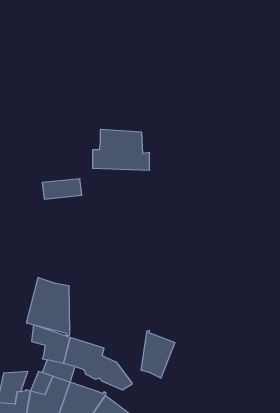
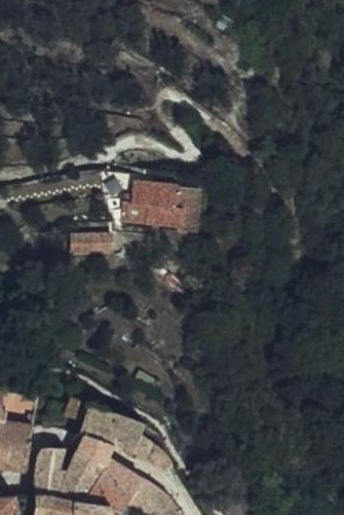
building: none -> [179,189,202,234]
building: [26,277,70,336] -> none
building: [141,331,175,378] -> none

